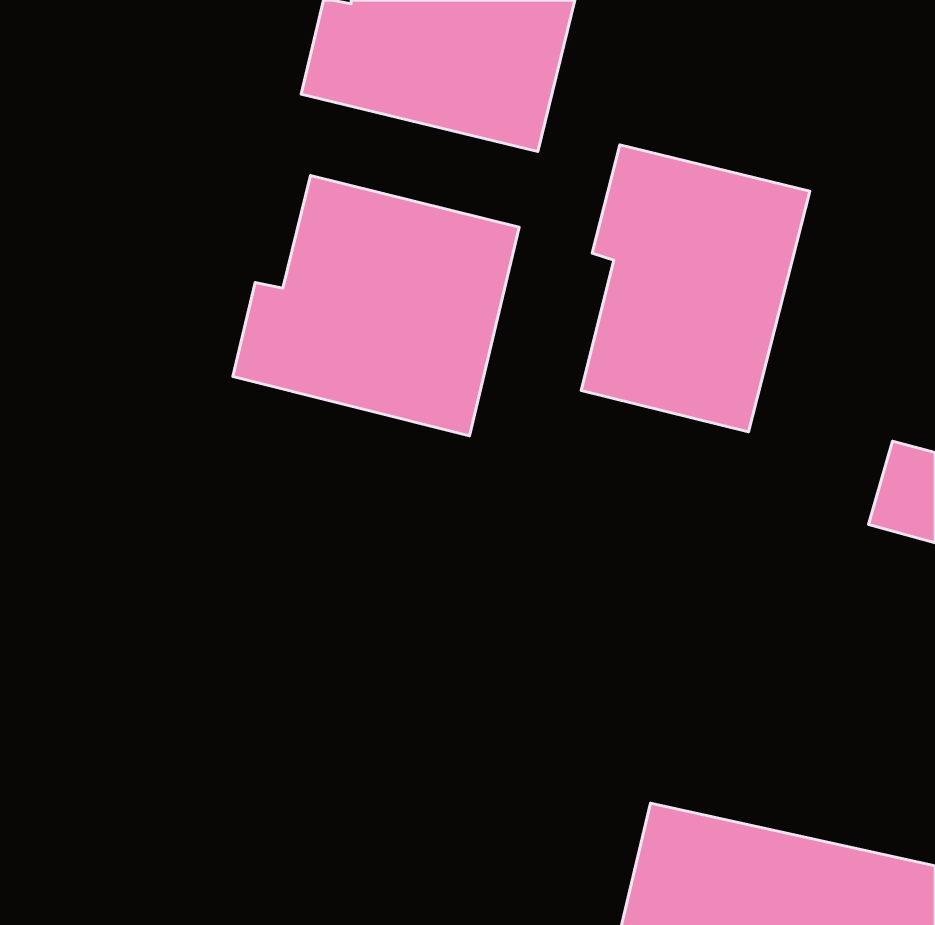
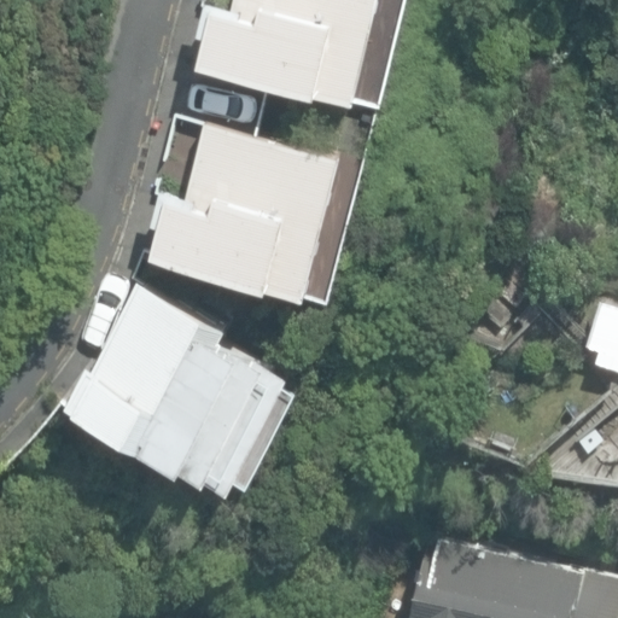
building: [581,145,810,432] -> none
building: none -> [76,290,299,488]

